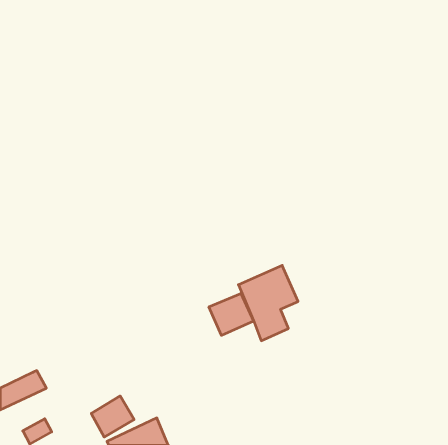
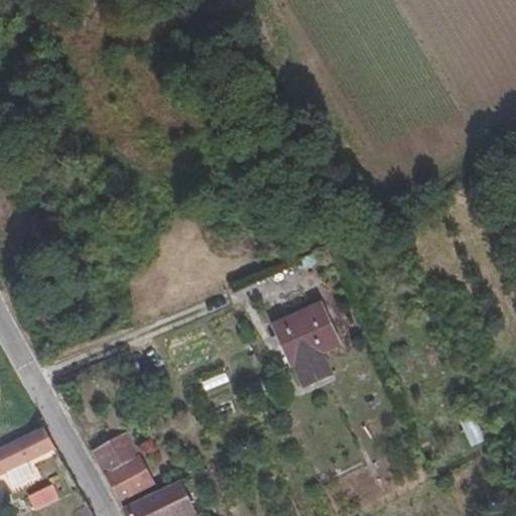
building: [209,293,254,335] -> none
building: none -> [91,430,138,476]

